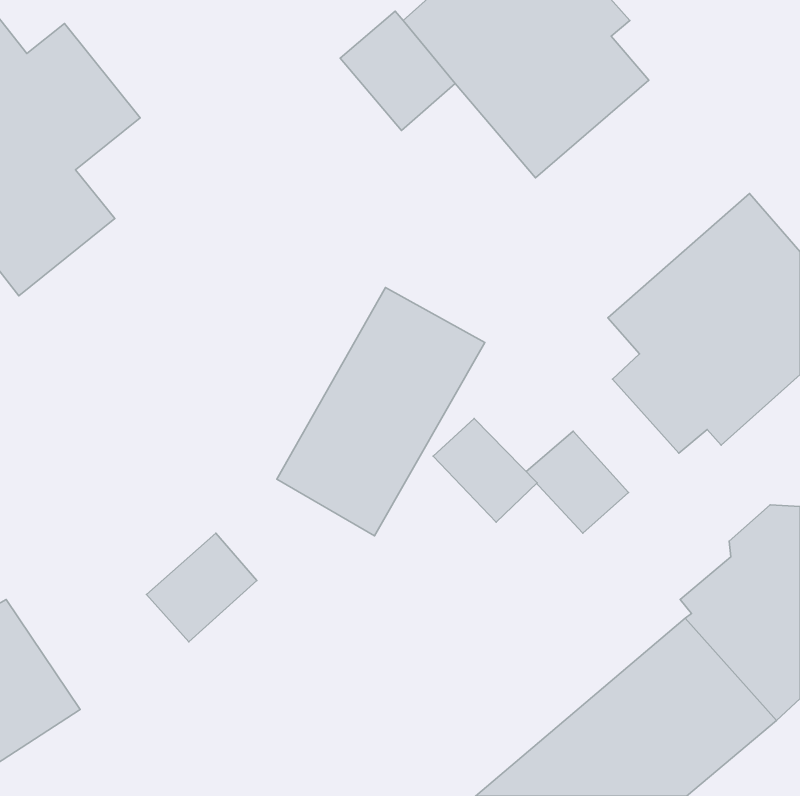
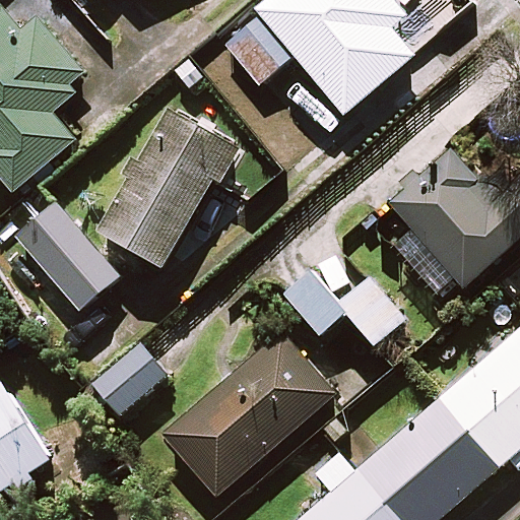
building: [277,287,485,536] -> [100,109,234,269]
building: none -> [14,207,116,326]
building: none -> [165,331,335,496]

